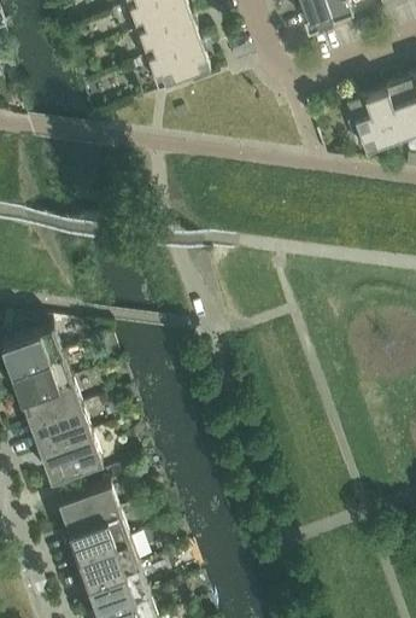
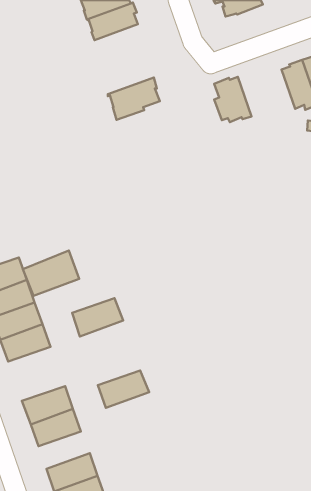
building: [146,36,210,88] -> [108,78,160,120]
building: [346,93,392,148] -> [214,77,251,122]
building: none -> [23,250,79,296]
building: [40,433,102,480] -> [72,298,123,336]
building: [77,537,140,583] -> [98,370,149,408]

